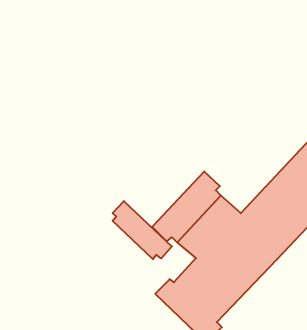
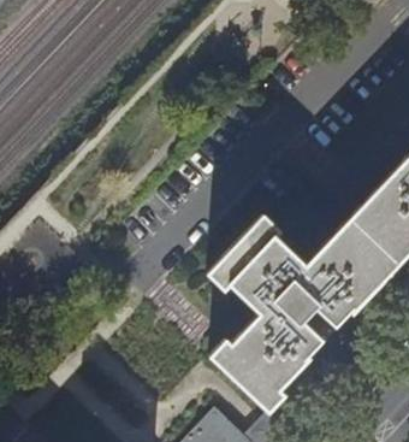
building: [113,201,172,259] -> none

